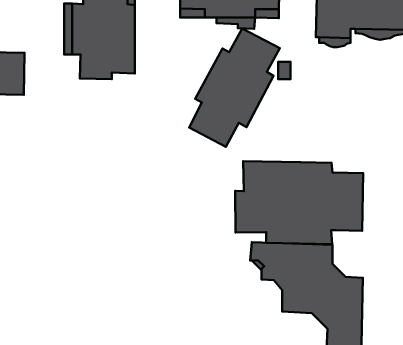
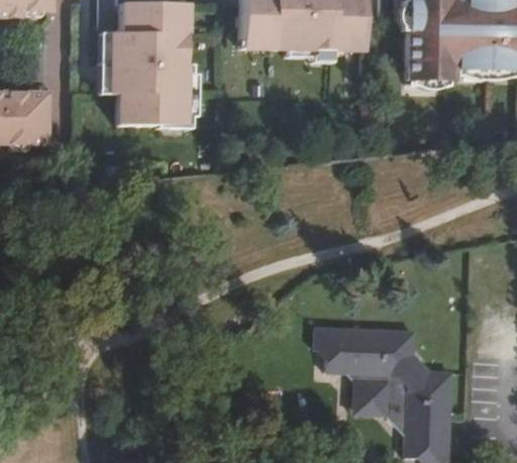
building: [189,28,280,147] -> none
building: none -> [152,64,194,128]
building: [235,161,363,244] -> none

